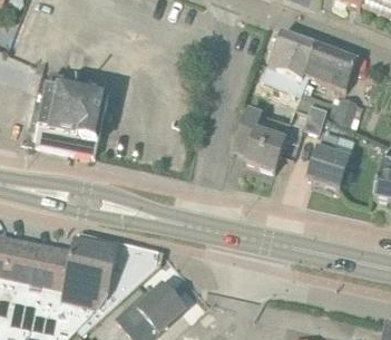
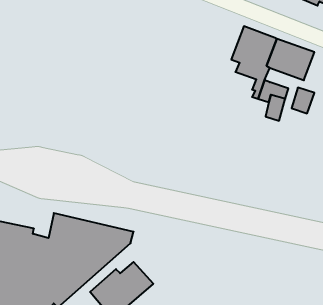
building: [36,74,107,155] -> none
building: [235,106,285,169] -> none
building: [309,130,349,186] -> none

